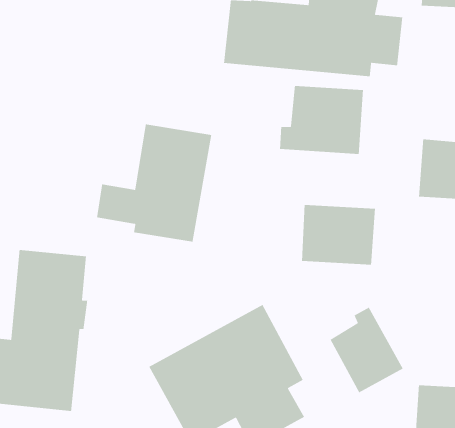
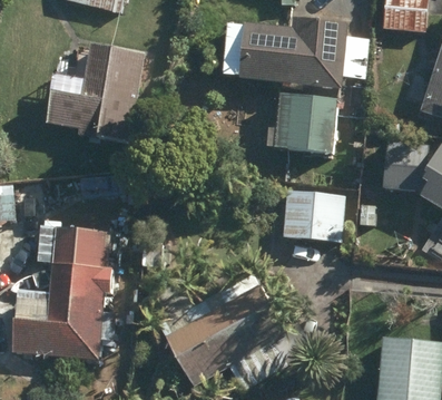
building: [96,124,212,242] -> [50,43,145,140]
building: [330,306,404,394] -> none

